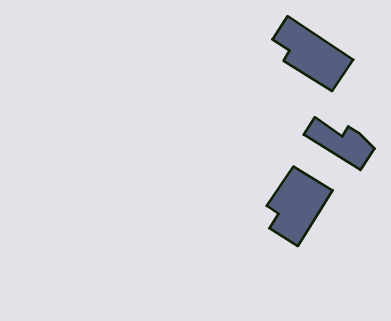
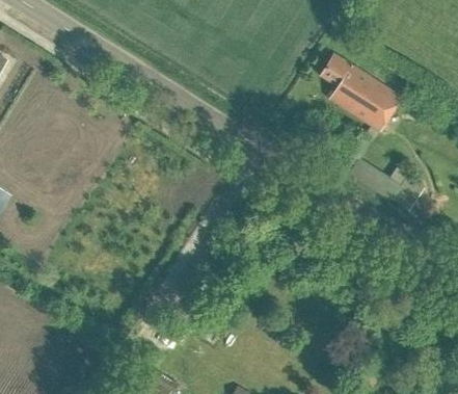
building: [267,167,333,246] -> none

